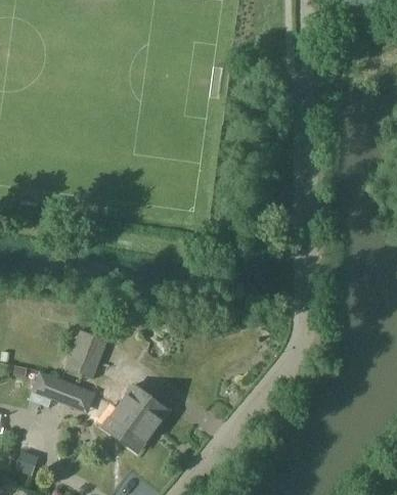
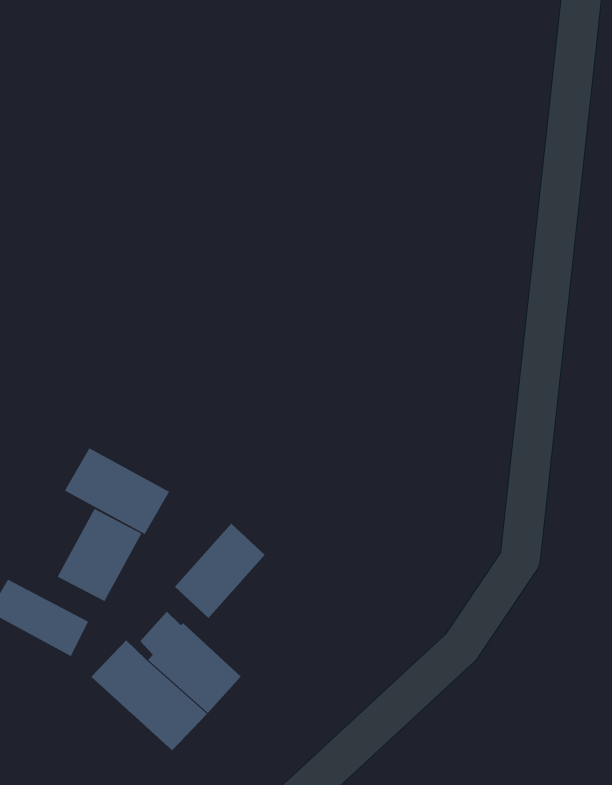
building: none -> [64,447,170,535]
building: none -> [174,523,265,619]

